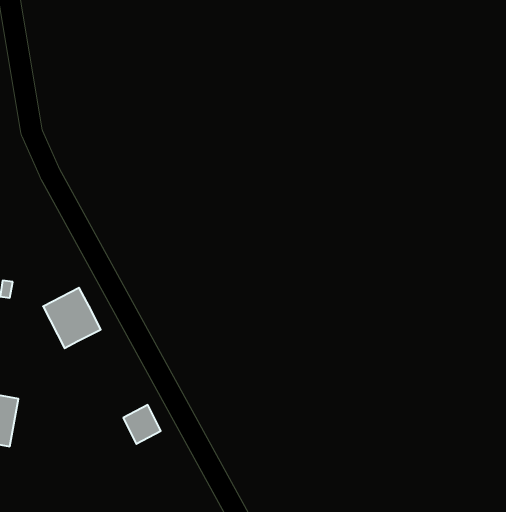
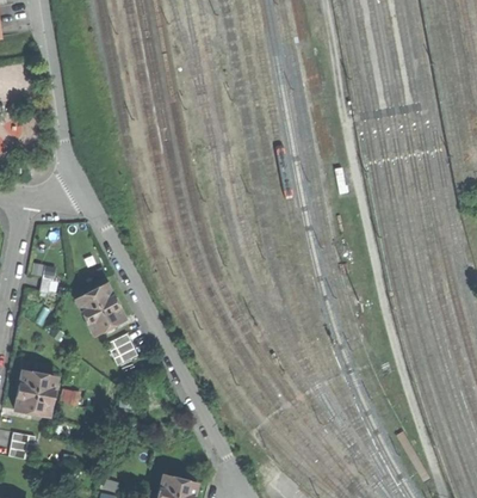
building: [123,405,161,444] -> [107,333,138,365]

